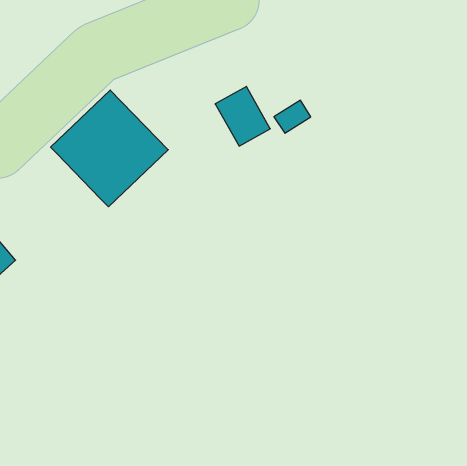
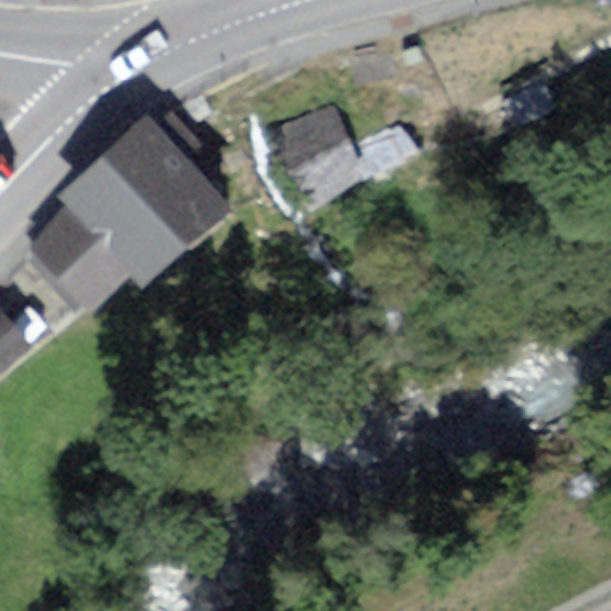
building: none -> [32,204,130,303]

